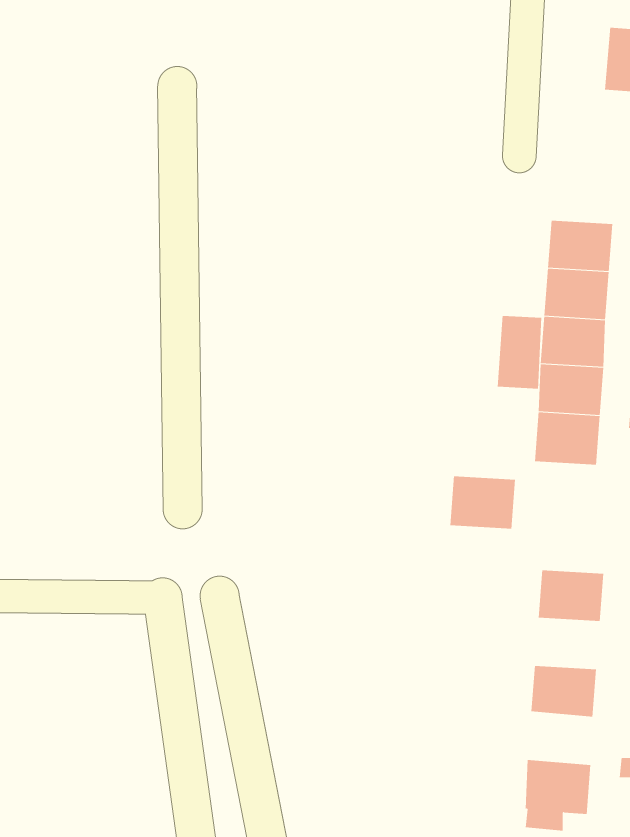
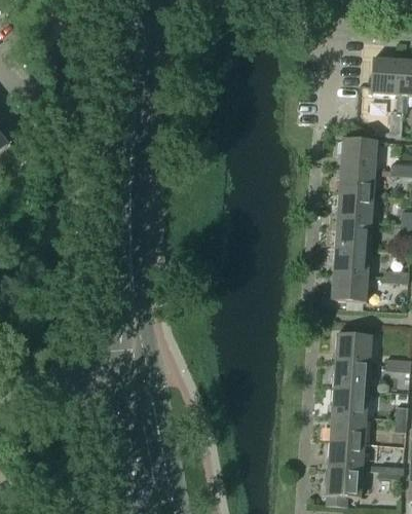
building: none -> [339,138,376,168]
building: [497,315,542,390] -> none
building: [450,476,516,529] -> [334,333,371,363]
building: none -> [330,388,367,416]
building: none -> [326,440,363,470]

